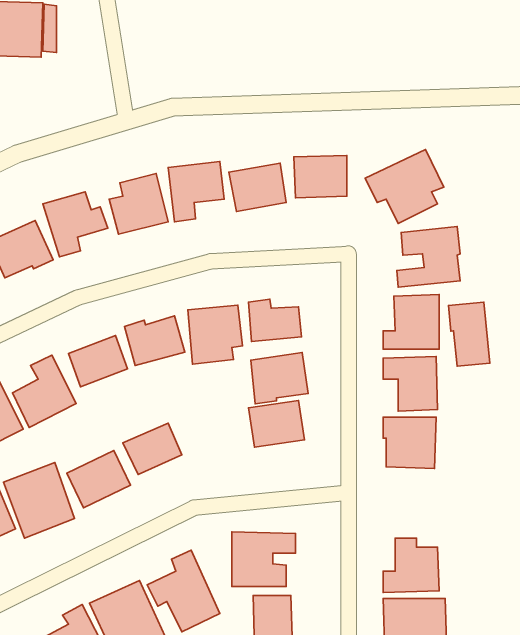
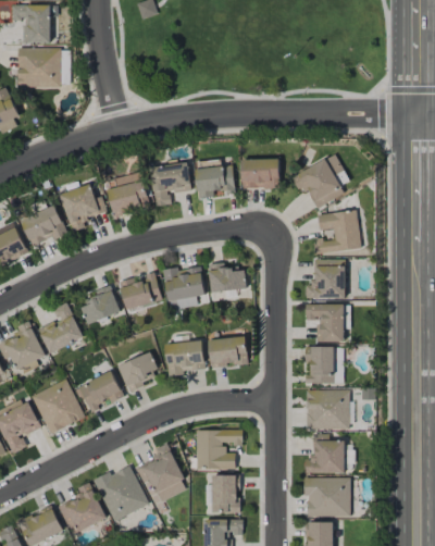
building: [448,302,490,366] -> none
building: [251,353,308,404] -> [164,339,206,376]
building: none -> [306,389,351,431]

